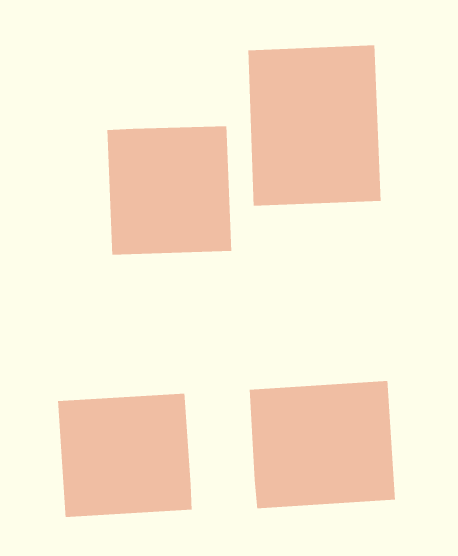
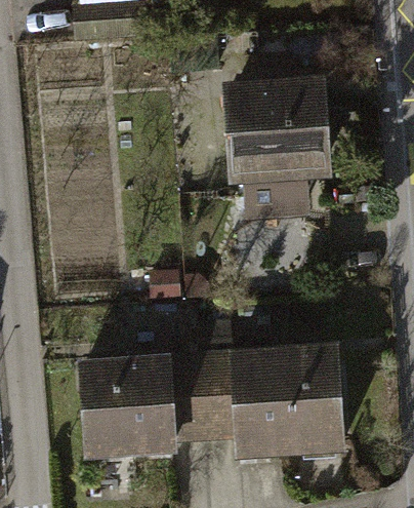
building: [106,125,232,256] -> none
building: none -> [176,356,232,433]

